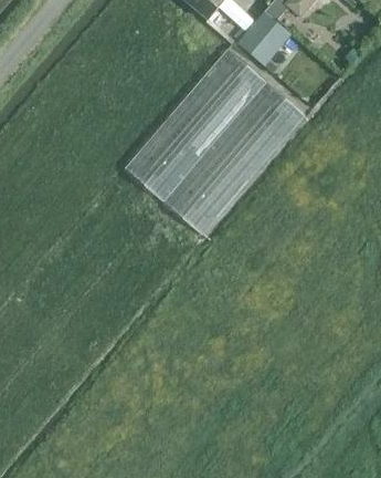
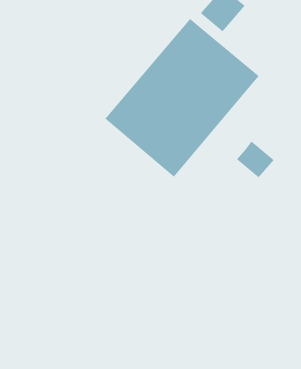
building: none -> [236,141,274,178]

